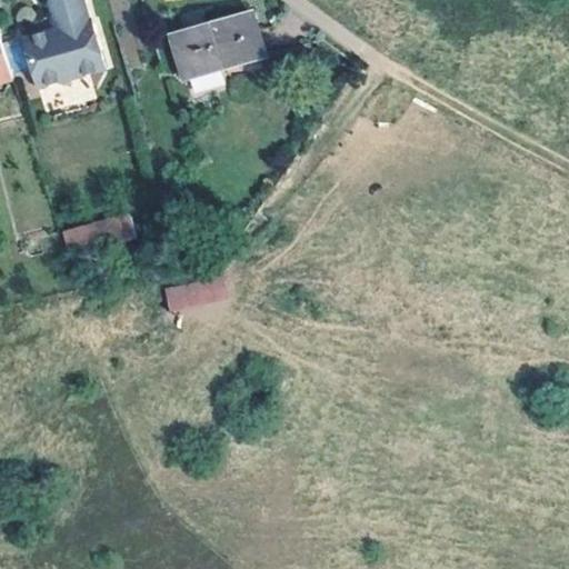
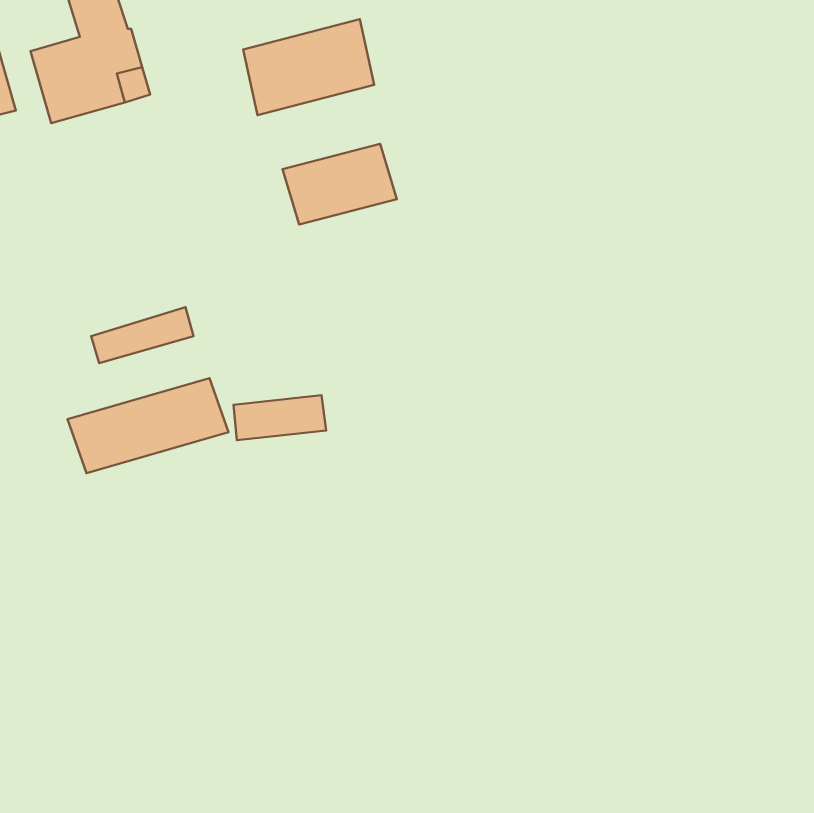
building: none -> [283,144,397,224]
building: none -> [67,378,228,473]

